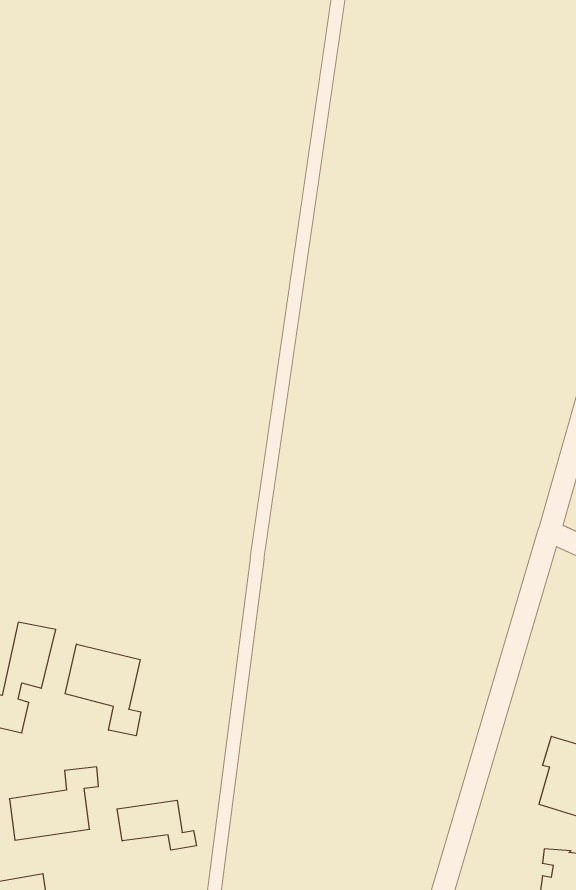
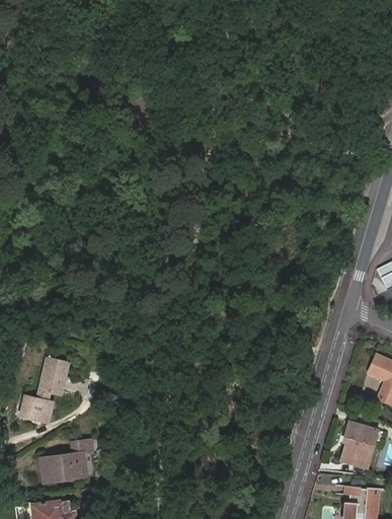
building: [65,644,141,736] -> none
building: [117,800,196,850] -> none

